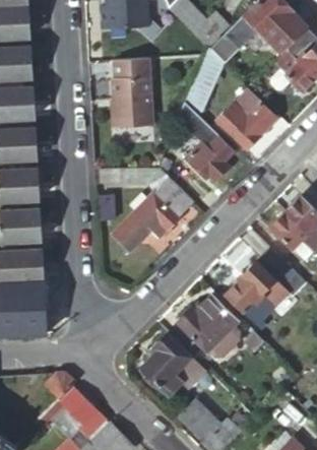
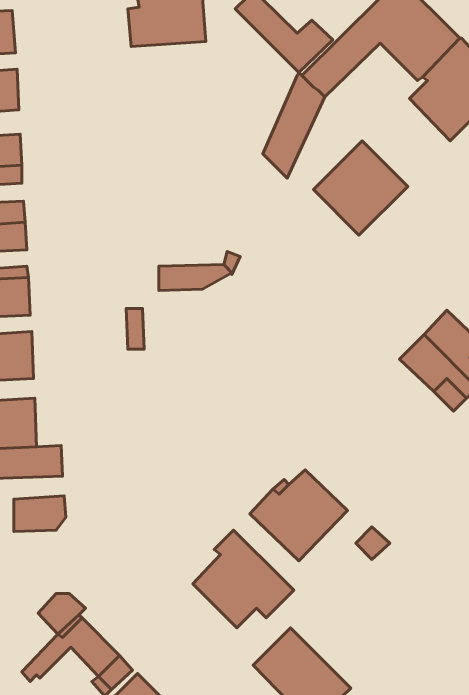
building: [113,56,153,126] -> none
building: [178,102,234,181] -> none
building: [111,177,192,252] -> none
building: [224,247,306,329] -> none

